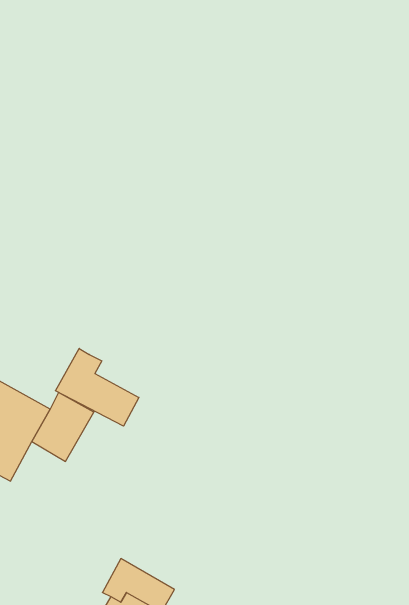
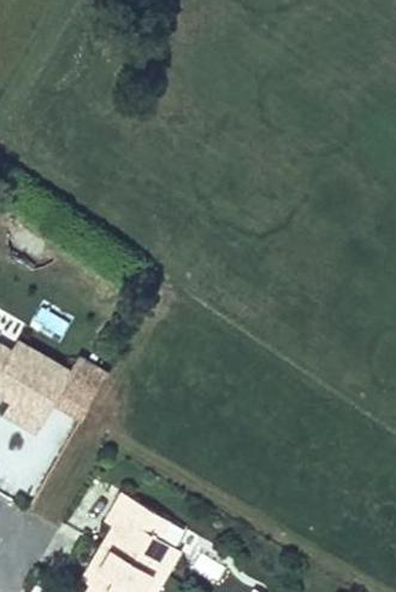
building: [55,348,139,426] -> none

